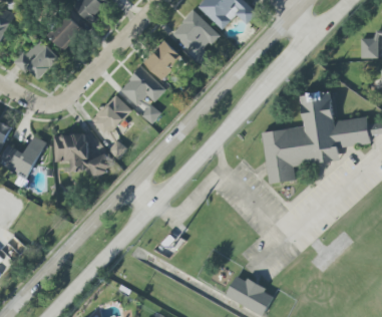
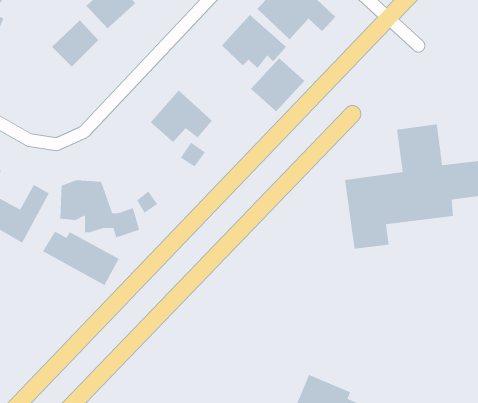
building: [16,38,59,81] -> none
building: [142,40,182,80] -> [250,57,305,112]
building: [91,94,131,135] -> none
building: none -> [42,231,120,286]

